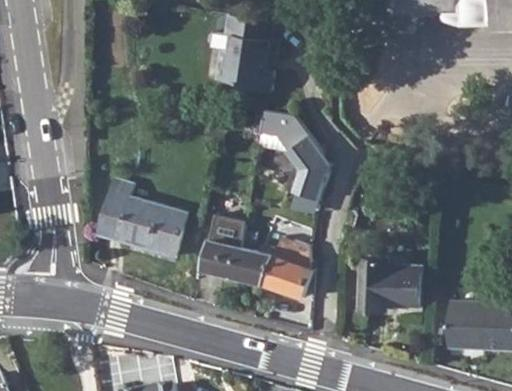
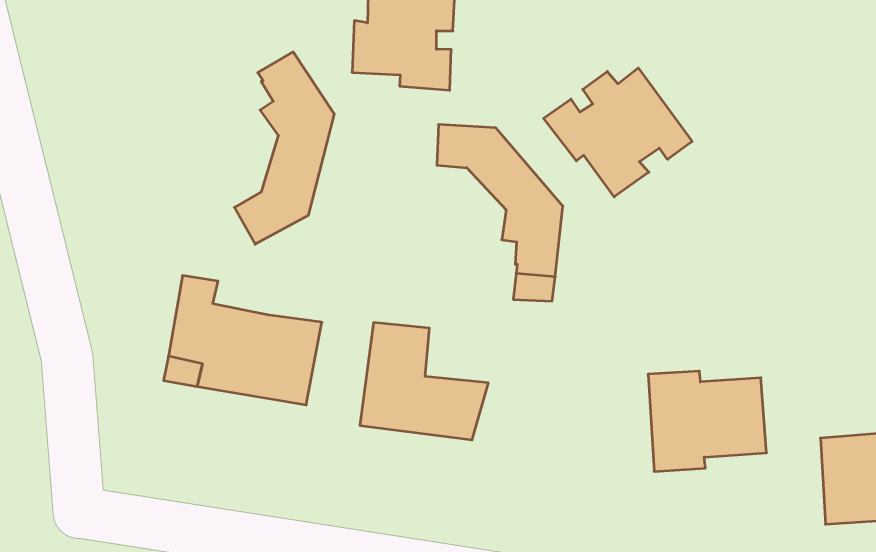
building: none -> [234,52,334,244]
building: none -> [544,68,692,197]
building: [262,217,311,297] -> none

